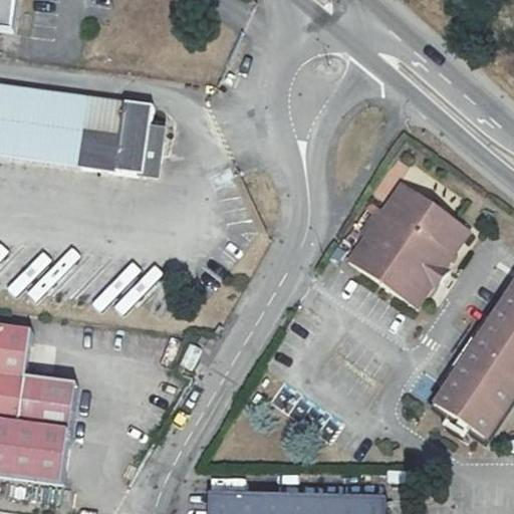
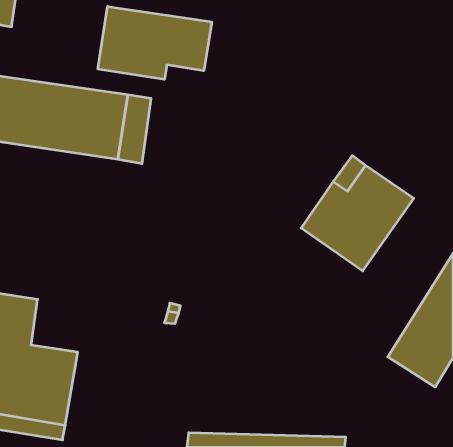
building: none -> [98,6,212,79]

